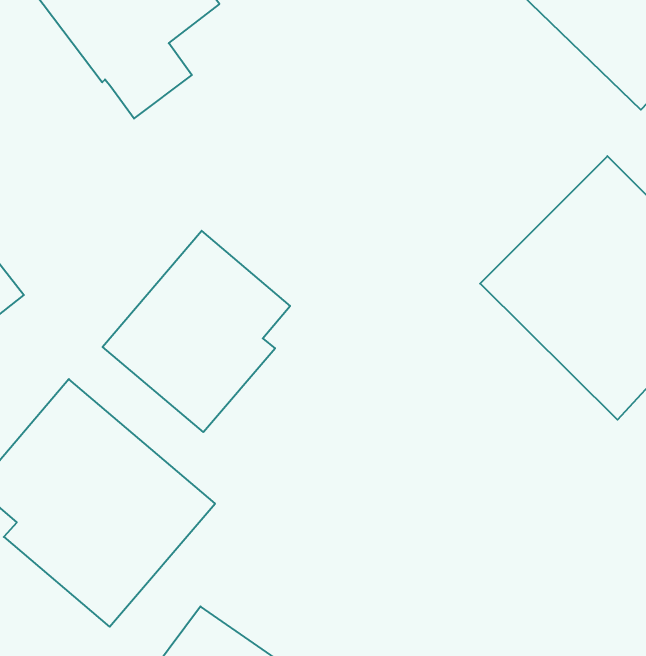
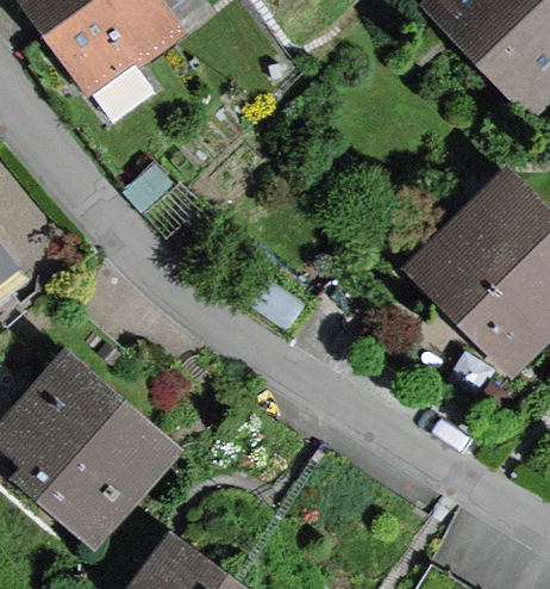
building: [103,231,290,432] -> none

